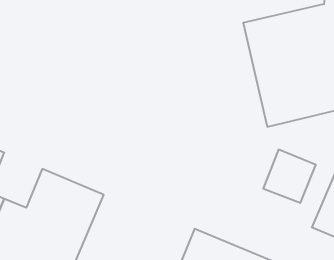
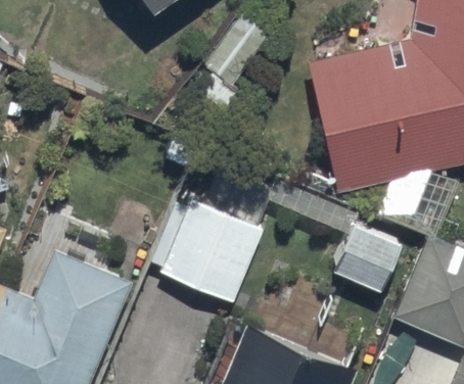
building: none -> [160,199,264,302]

